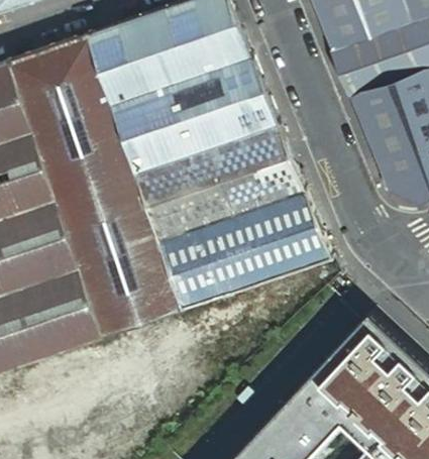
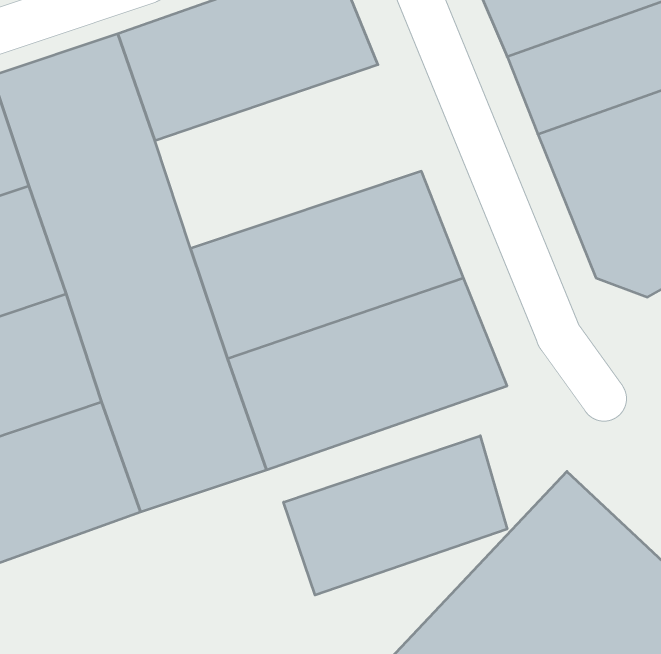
building: [112,55,279,170] -> none
building: none -> [284,436,507,595]

